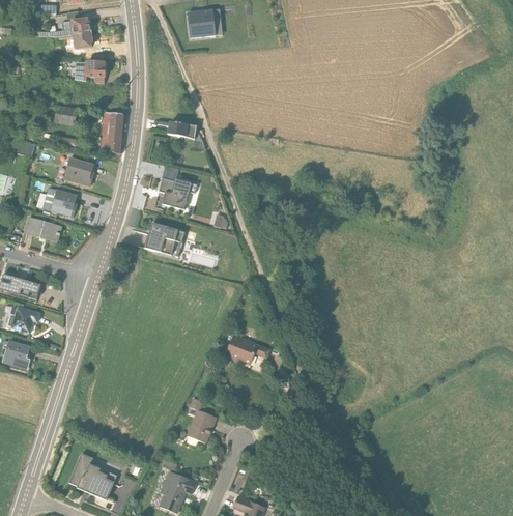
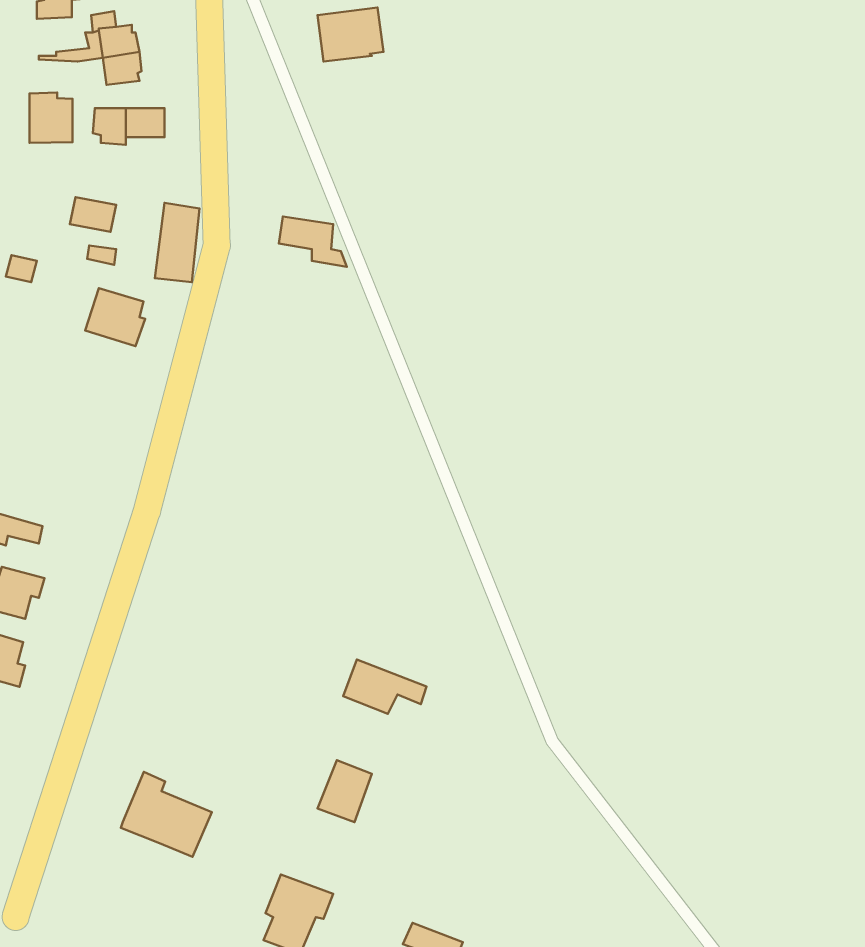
building: none -> [30,92,73,143]
building: [159,177,190,207] -> none
building: [50,190,77,218] -> none
building: [23,217,61,243] -> none
building: [145,223,183,254] -> none
building: [225,335,269,364] -> [343,660,427,714]
building: [67,453,116,498] -> [121,772,212,857]

